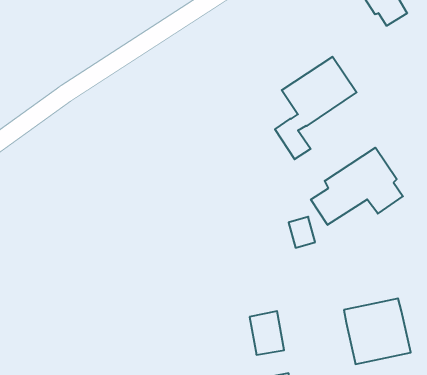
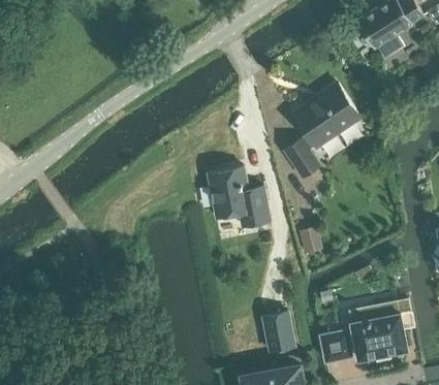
building: [311,148,403,225] -> none
building: none -> [209,168,271,228]
building: none -> [320,333,351,364]

